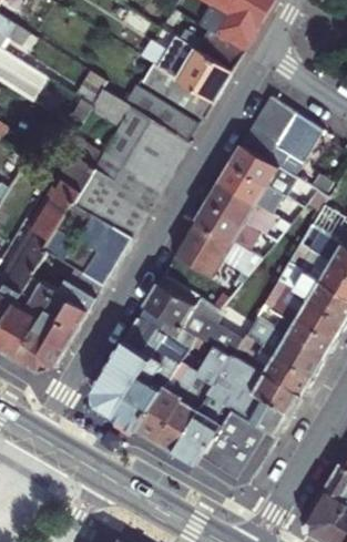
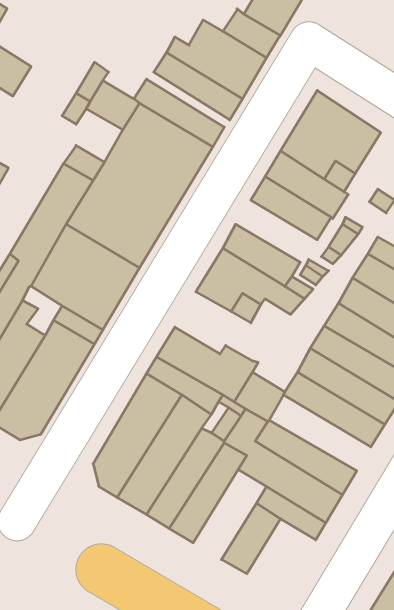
building: [206,183,271,233] -> none
building: [233,336,313,396] -> none
building: [173,395,231,466] -> none
building: [215,433,269,487] -> none

